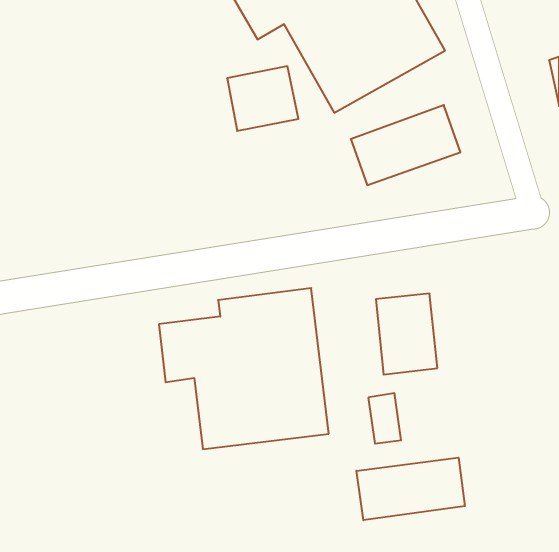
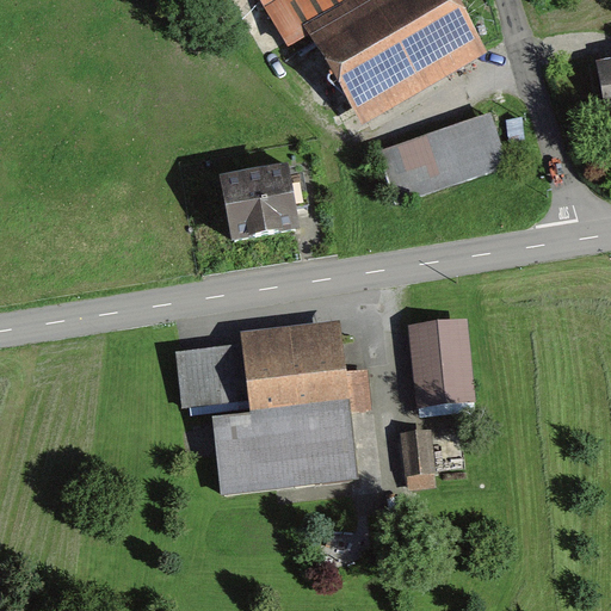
building: [227,66,298,131] -> [221,174,298,245]
building: [356,458,465,520] -> none

